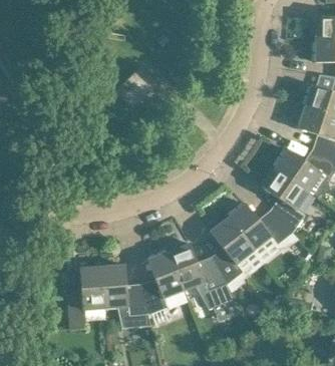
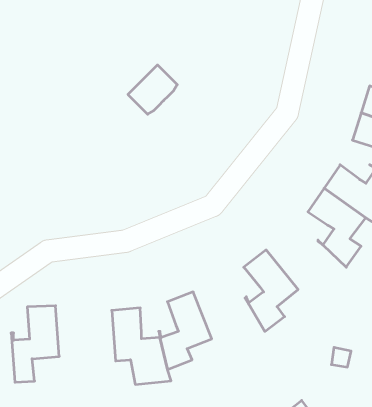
building: [229,203,294,249] -> none
building: [170,242,237,308] -> none
building: [67,266,106,328] -> [11,306,59,382]

